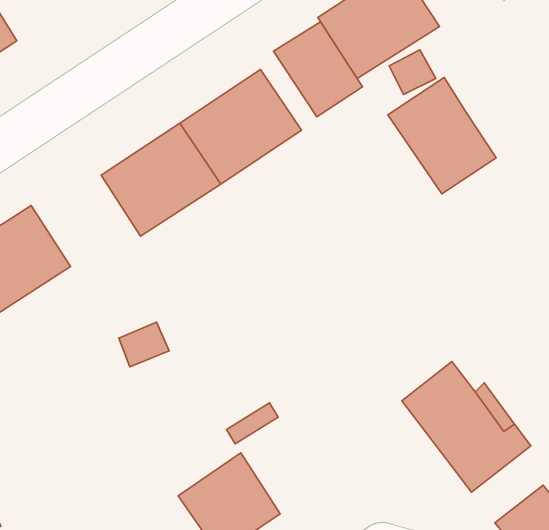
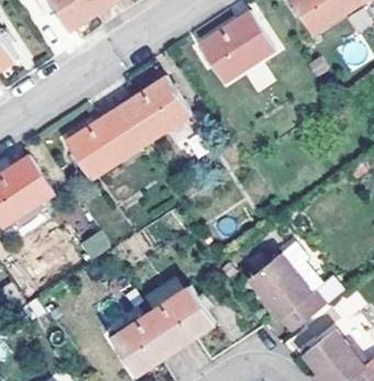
building: [273,22,362,117] -> none
building: [388,78,496,194] -> none
building: none -> [151,286,213,348]

